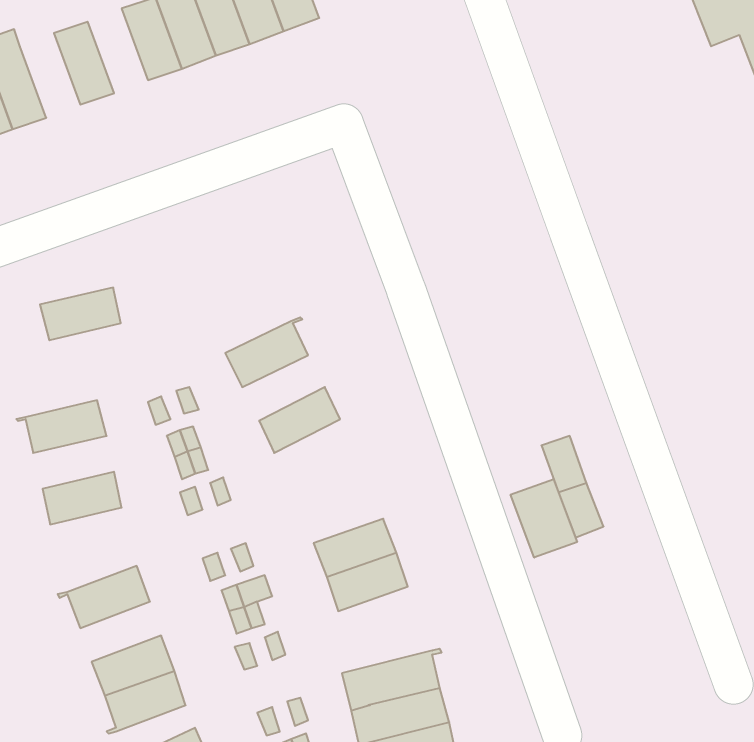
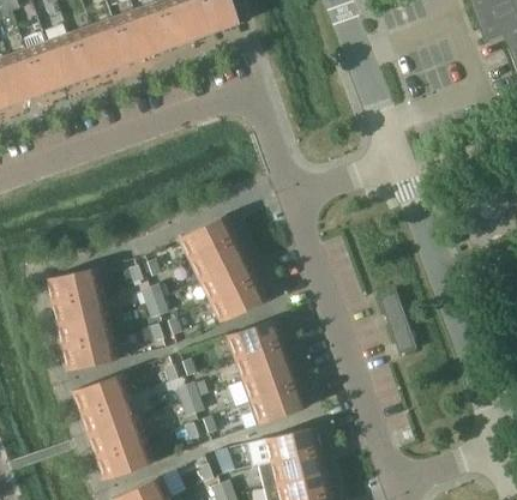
building: none -> [91,18,130,72]
building: none -> [48,34,86,88]
building: [40,288,121,340] -> [56,290,108,324]
building: none -> [190,239,242,281]
building: none -> [210,279,269,323]
building: [511,479,577,558] -> none
building: none -> [227,318,279,359]
building: none -> [67,336,119,371]
building: none -> [251,386,309,424]
building: none -> [86,396,138,434]

